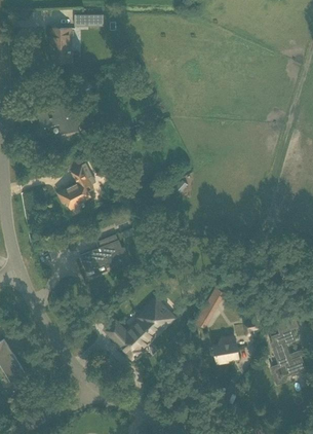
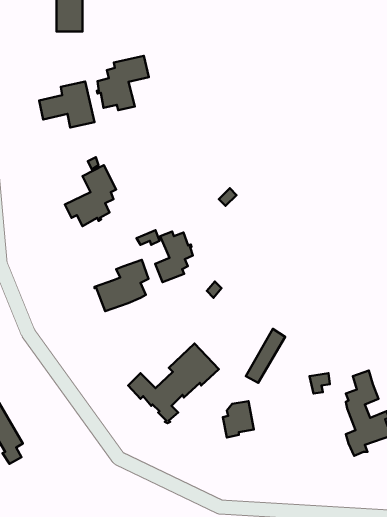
building: none -> [97,56,149,110]
building: none -> [155,232,193,282]
building: [214,333,238,361] -> [223,401,254,437]

